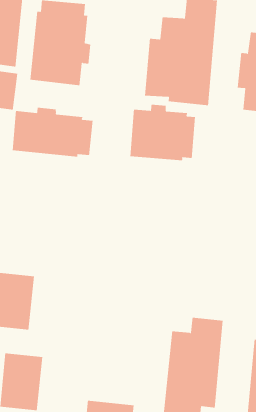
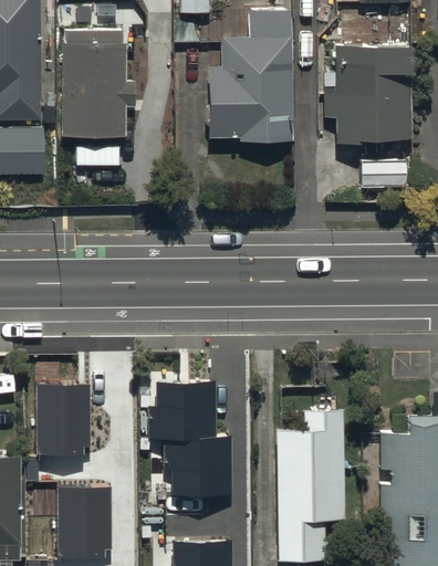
building: [130,104,196,161] -> none
building: [12,107,93,158] -> none
building: none -> [149,380,234,494]

